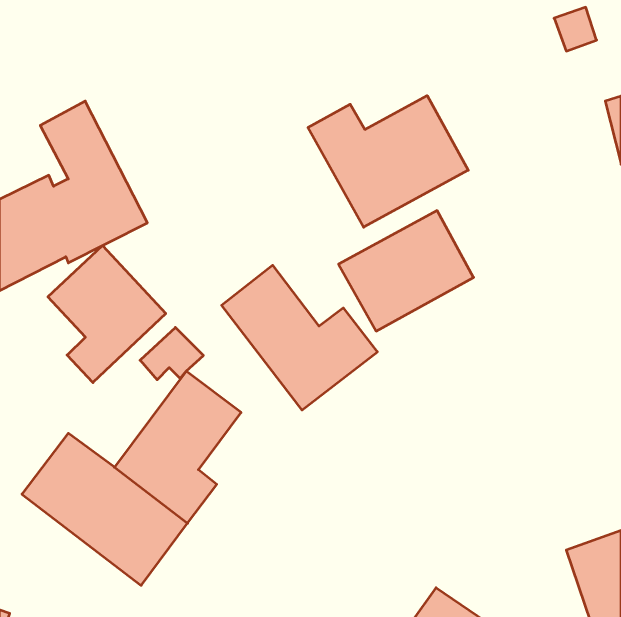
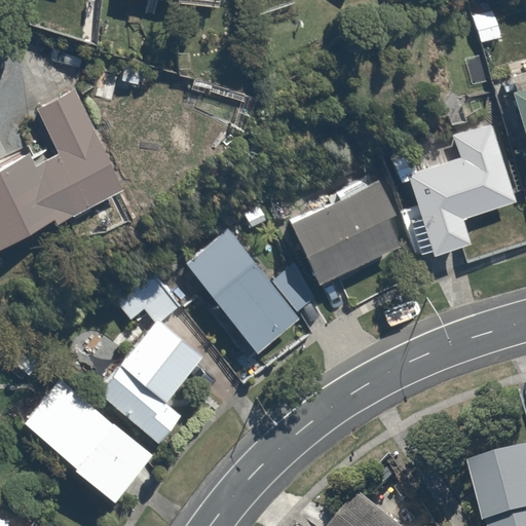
building: [308,96,468,227] -> none
building: none -> [388,126,516,263]
building: [48,246,166,383] -> none

